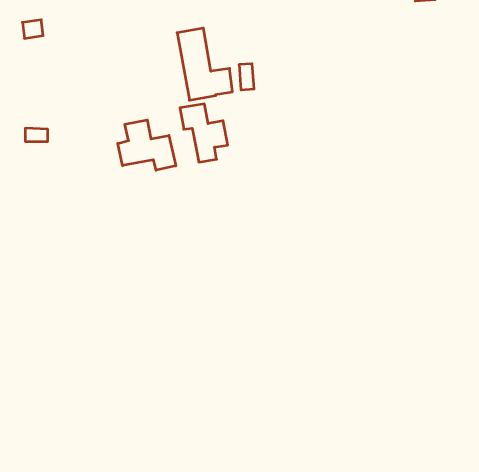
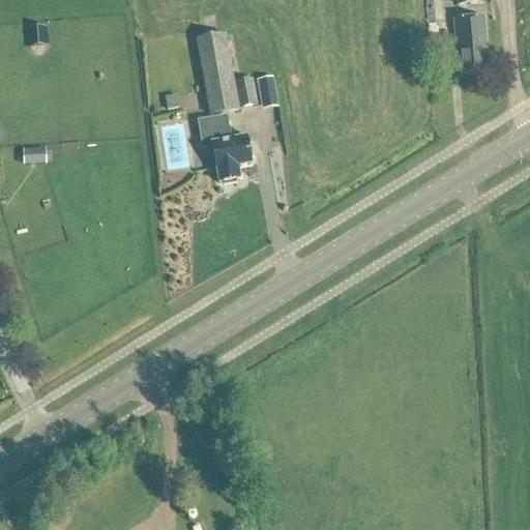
building: none -> [453,13,487,69]
building: [118,120,176,170] -> none

